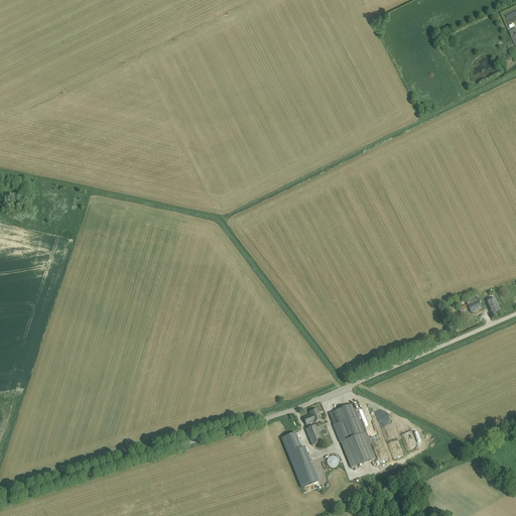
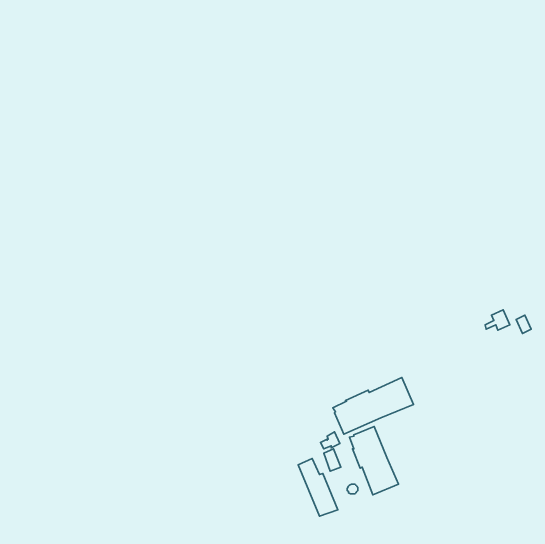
building: none -> [333,377,414,434]

